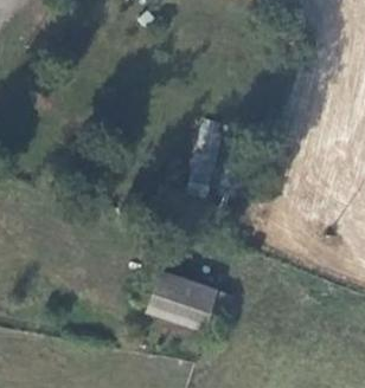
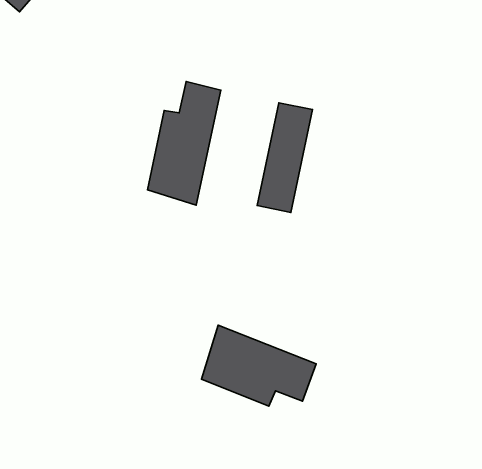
building: none -> [148,81,221,205]

